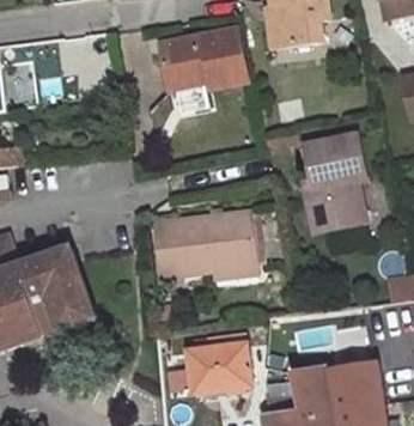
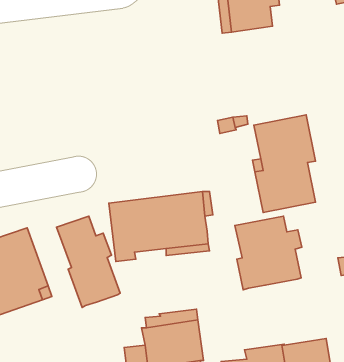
building: [158,28,248,89] -> none
building: none -> [57,216,120,307]
building: none -> [235,216,302,290]

